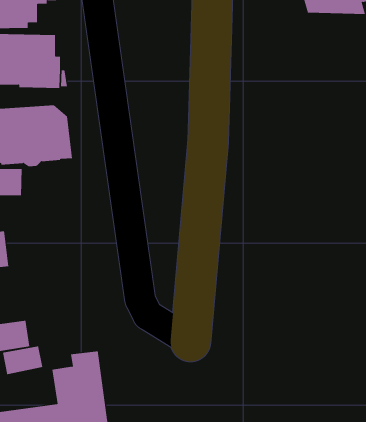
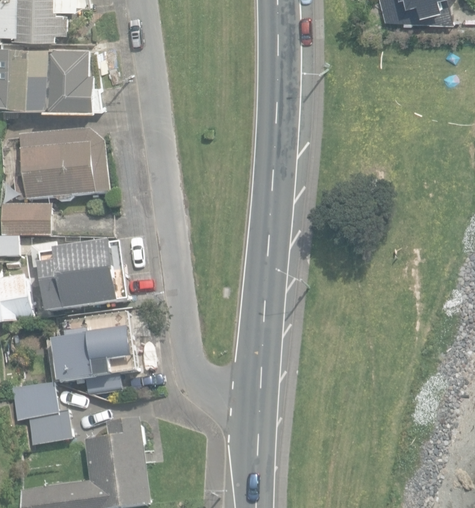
building: none -> [29,241,127,312]
building: none -> [52,314,133,394]

